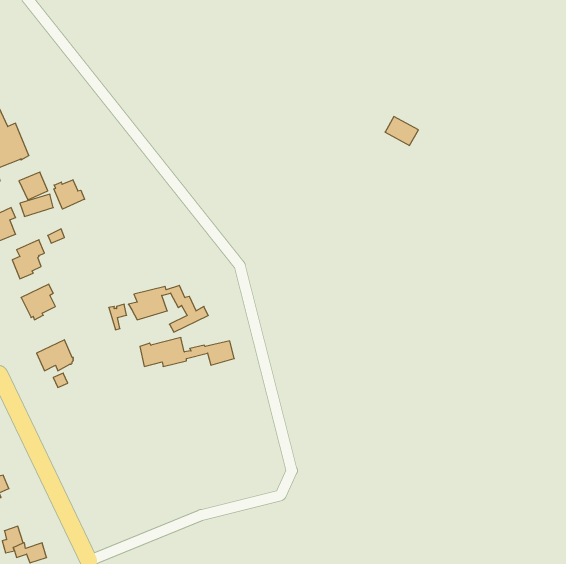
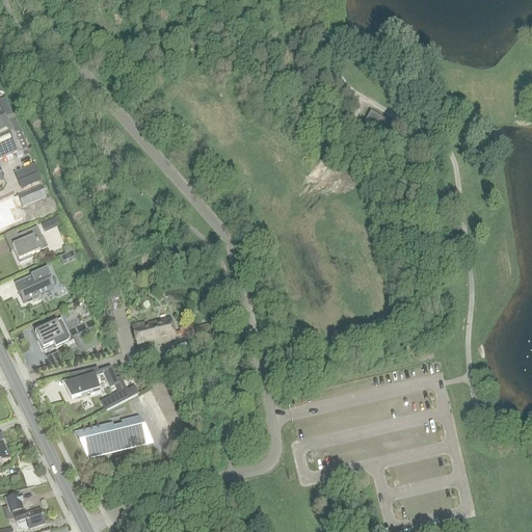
building: [54,180,85,209] -> none
building: [128,285,208,332] -> [62,365,137,408]
building: none -> [72,415,143,455]

